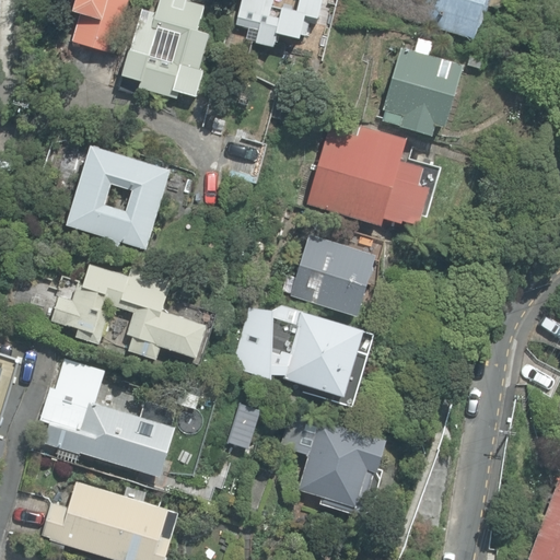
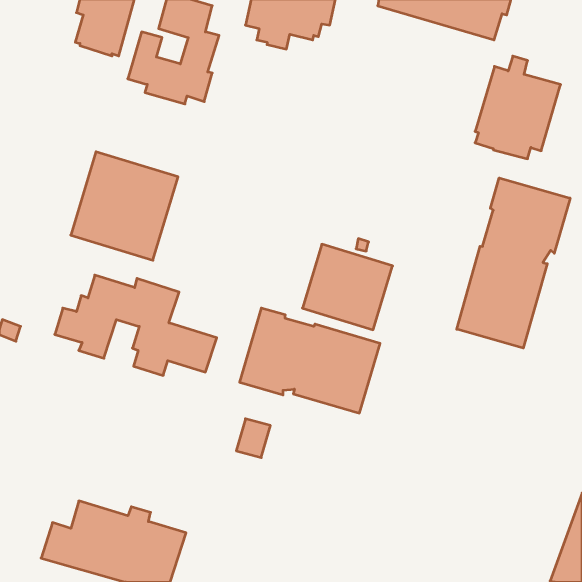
building: [382,37,464,136] -> [475,56,561,159]
building: [306,125,430,225] -> none
building: none -> [457,178,570,348]
building: [39,354,176,477] -> none
building: [279,410,386,515] -> none

